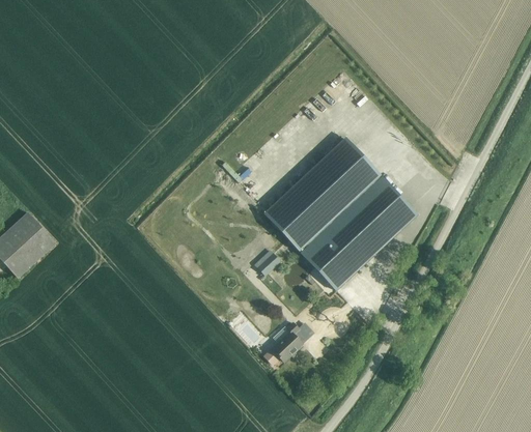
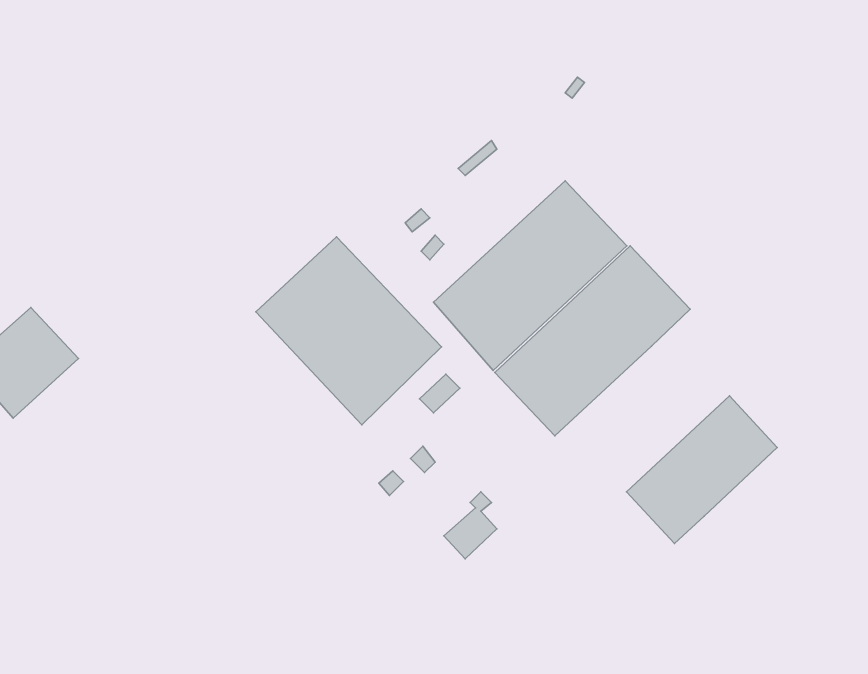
building: none -> [256,237,441,425]
building: none -> [627,396,777,544]

